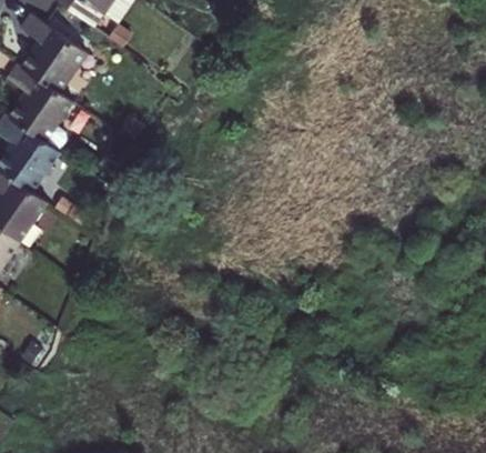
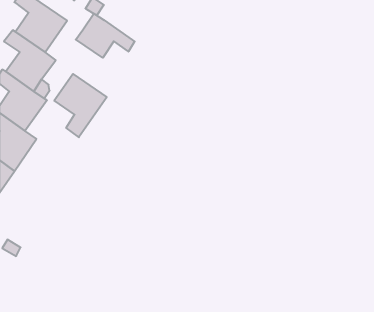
building: none -> [76,13,135,58]
building: none -> [54,74,107,137]

